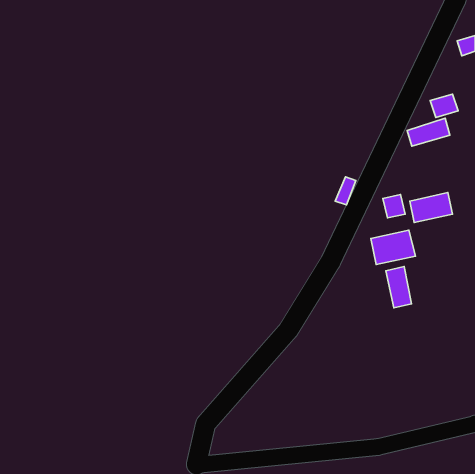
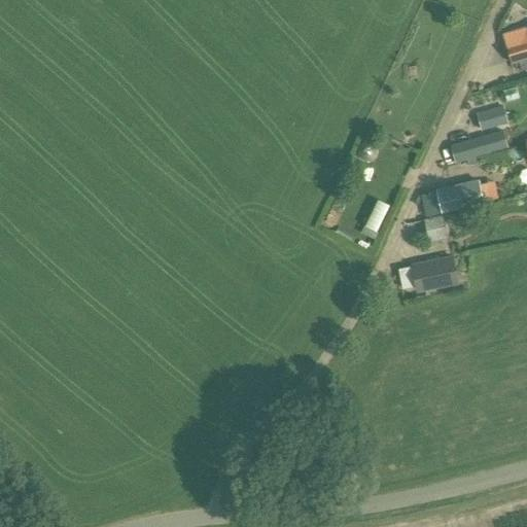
building: [410,193,453,222] -> [435,179,483,212]
building: [386,267,411,308] -> none

